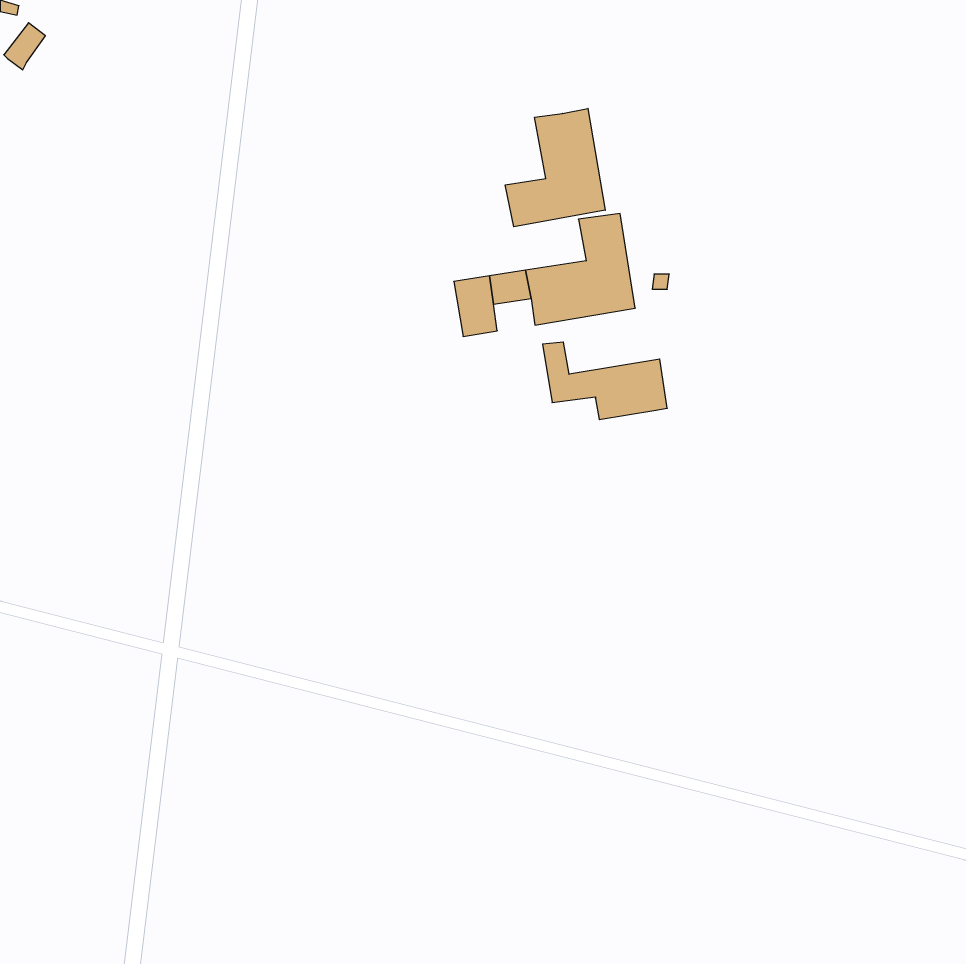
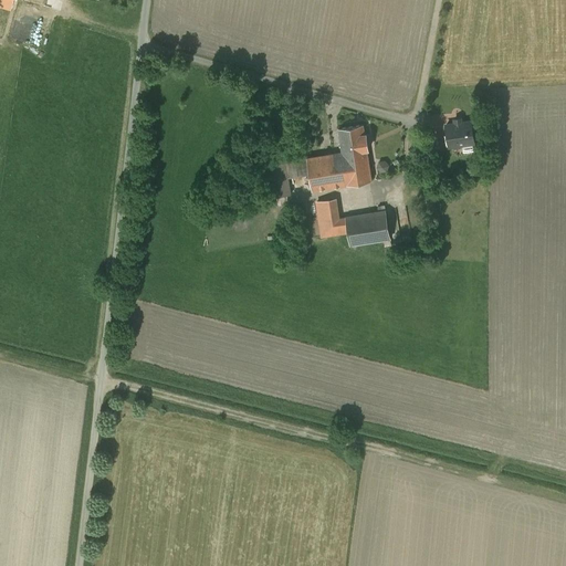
building: [505,108,605,227] -> none
building: none -> [443,118,475,149]

